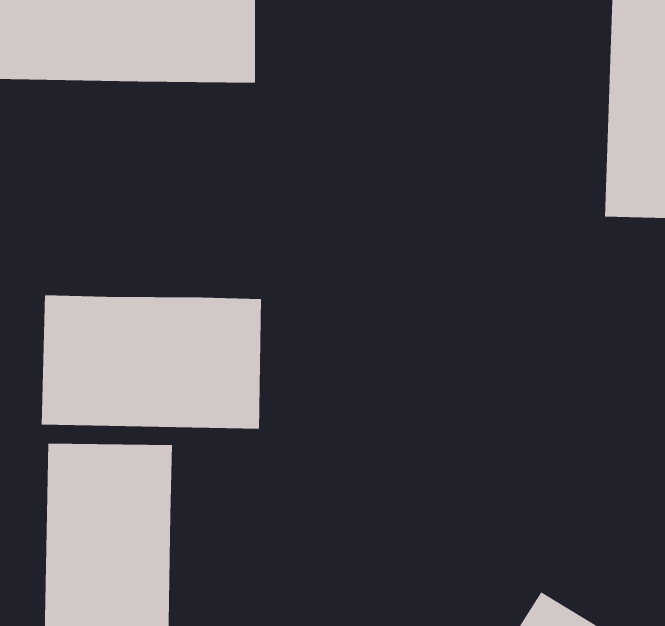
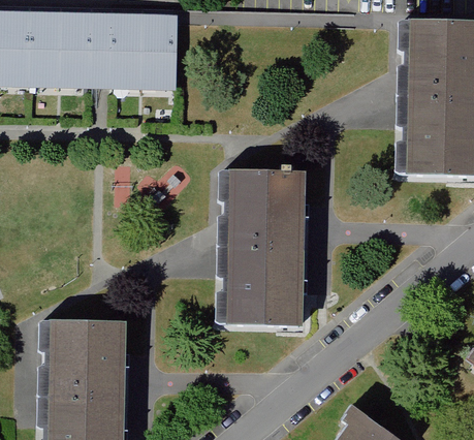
building: none -> [222,168,306,327]
building: [41,294,261,430] -> none

